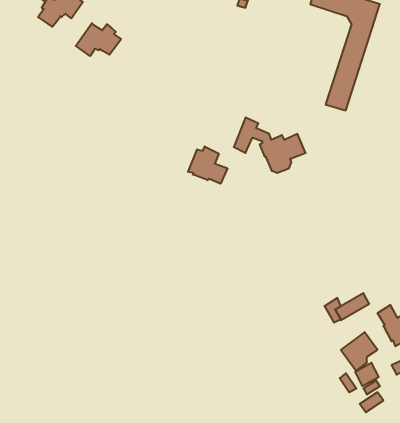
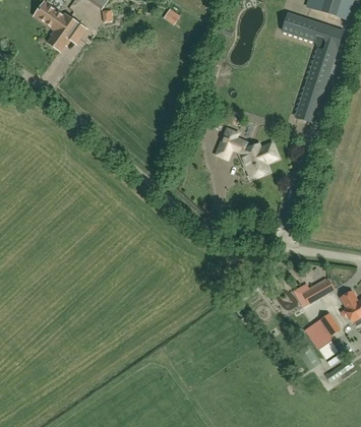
building: [76,23,121,56] -> none
building: [188,146,227,184] -> none

